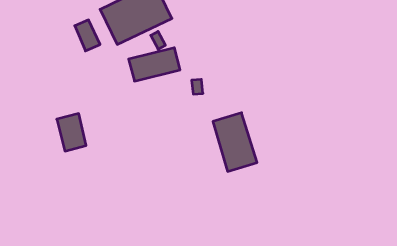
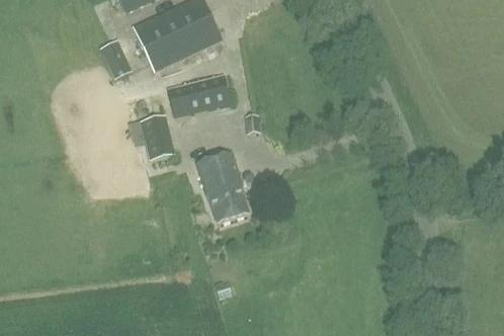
building: [213,113,257,171] -> [196,152,251,225]
building: [57,114,86,151] -> [139,114,175,161]

